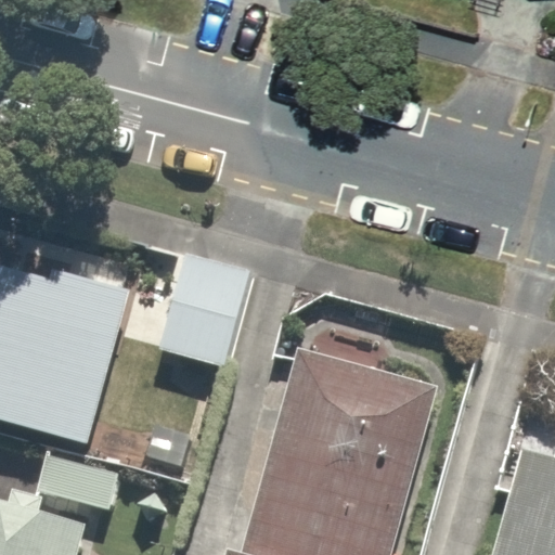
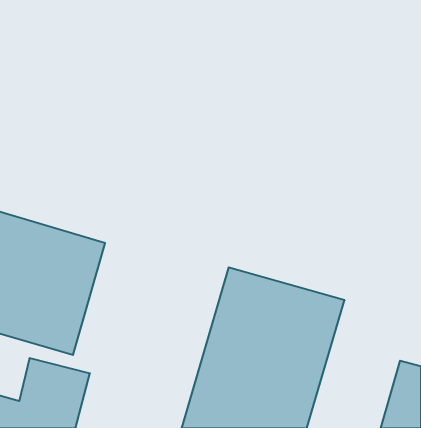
building: [149,256,249,376] -> none

